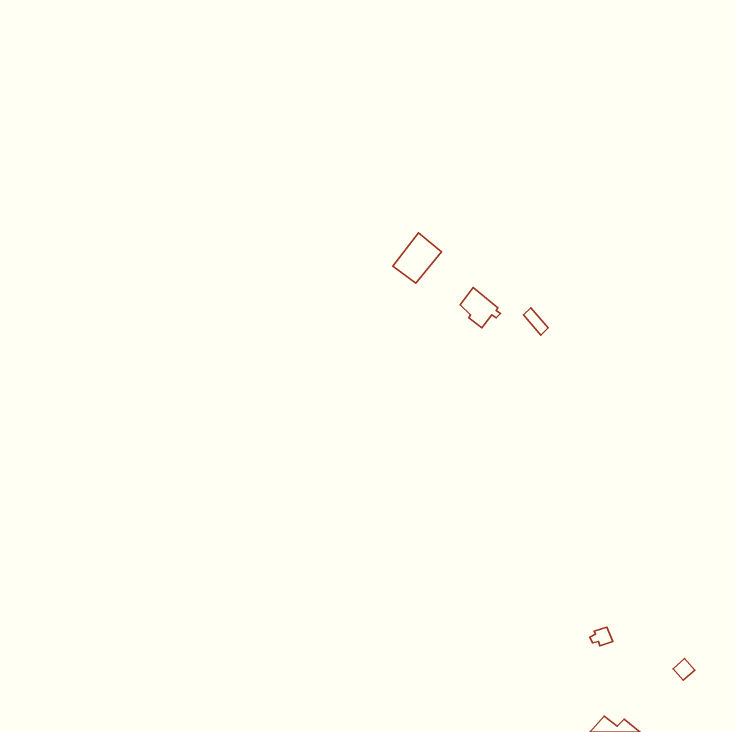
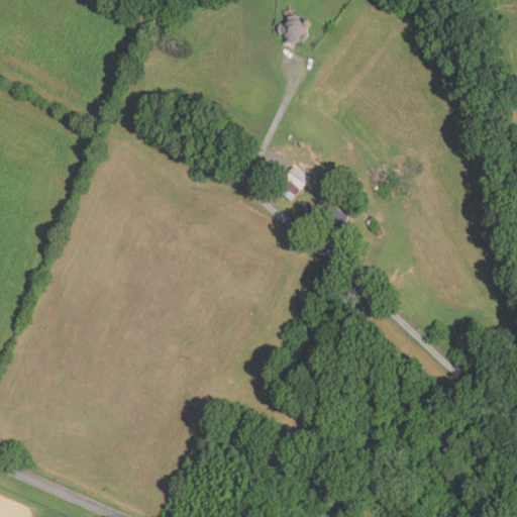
building: none -> [280,13,312,44]

